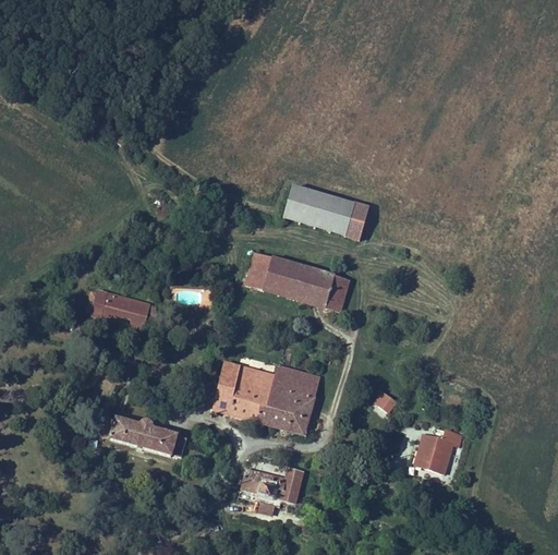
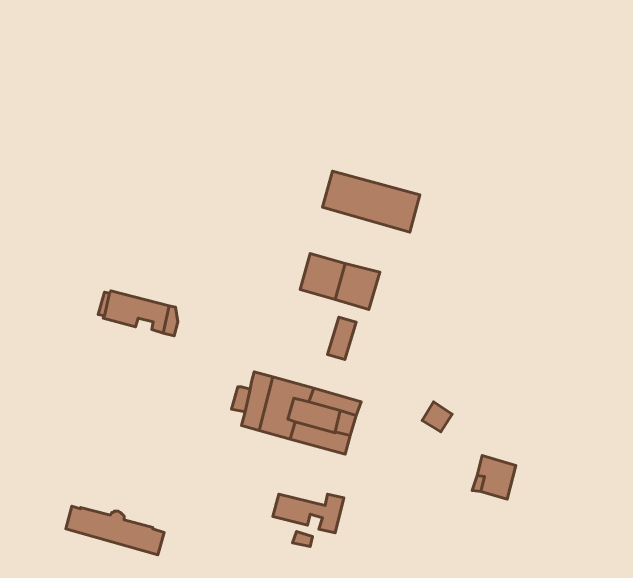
building: [246,252,274,289] -> none
building: [325,274,350,311] -> [328,317,356,360]
building: [102,414,189,457] -> [66,506,164,555]

